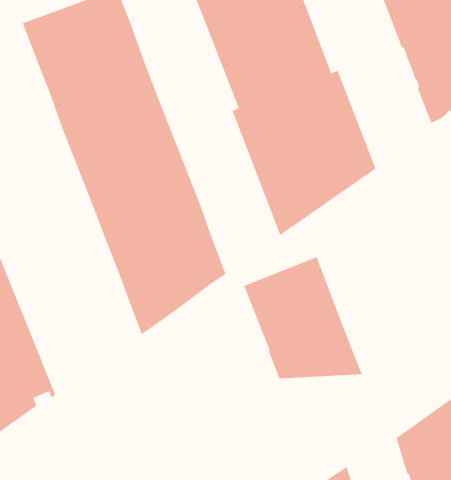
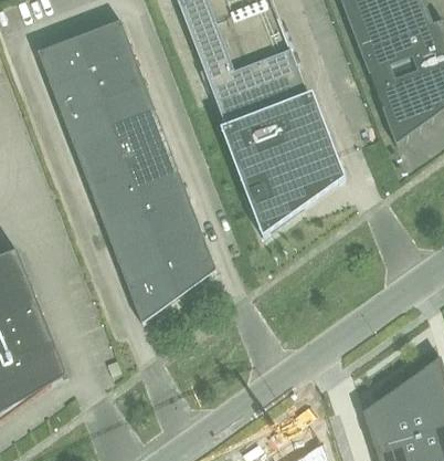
building: [243,256,363,379] -> none

